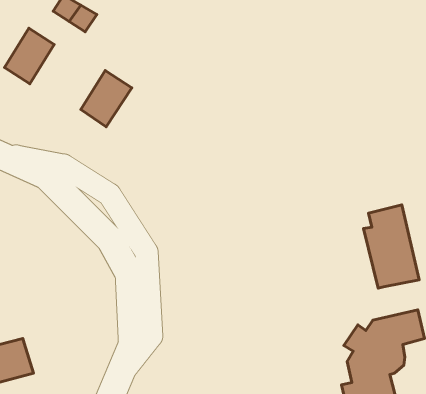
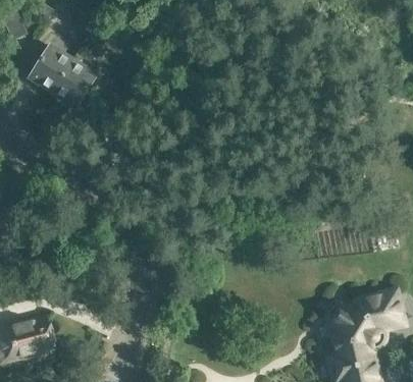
building: [81,70,132,127] -> [51,57,96,107]
building: [364,205,419,288] -> none

